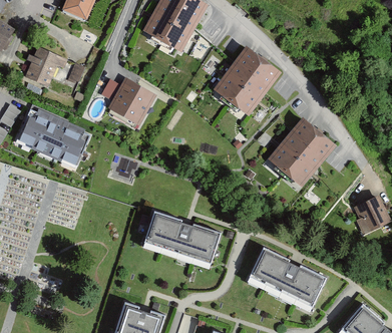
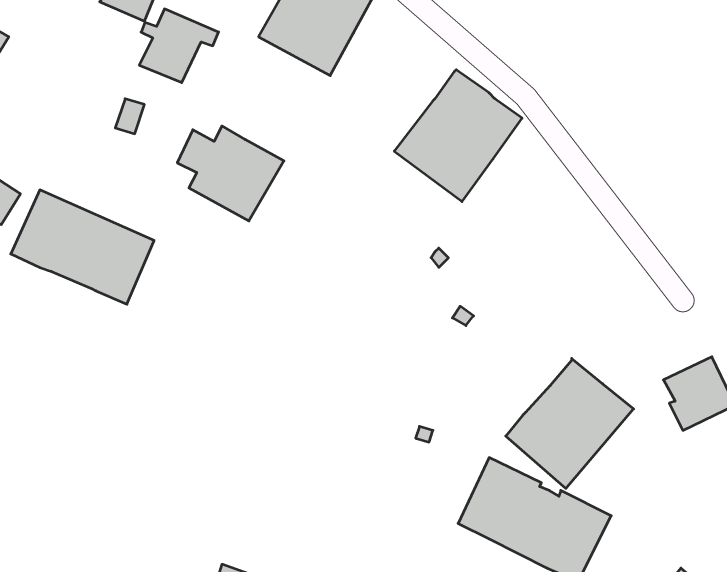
building: [25,47,66,85] -> [139,9,219,83]
building: [269,118,335,186] -> [506,358,634,488]
building: [142,211,221,269] -> none

